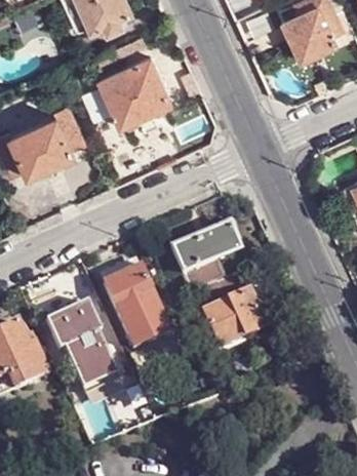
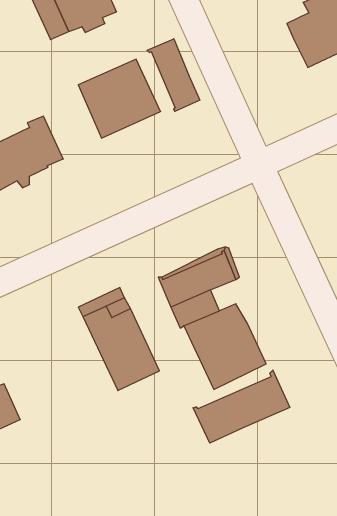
building: none -> [147,39,200,111]
building: [44,300,116,390] -> none
building: none -> [193,370,290,443]

